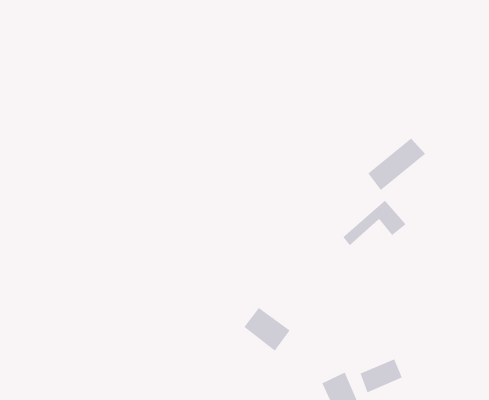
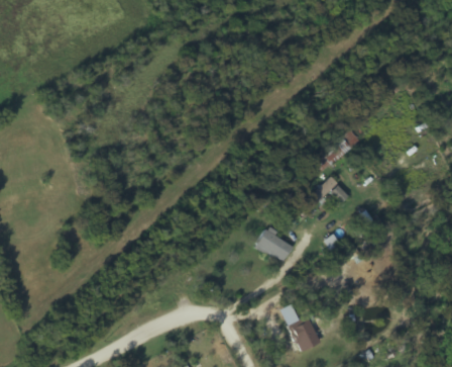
building: [244,307,290,351] -> [256,228,294,263]
building: [360,359,403,393] -> none

